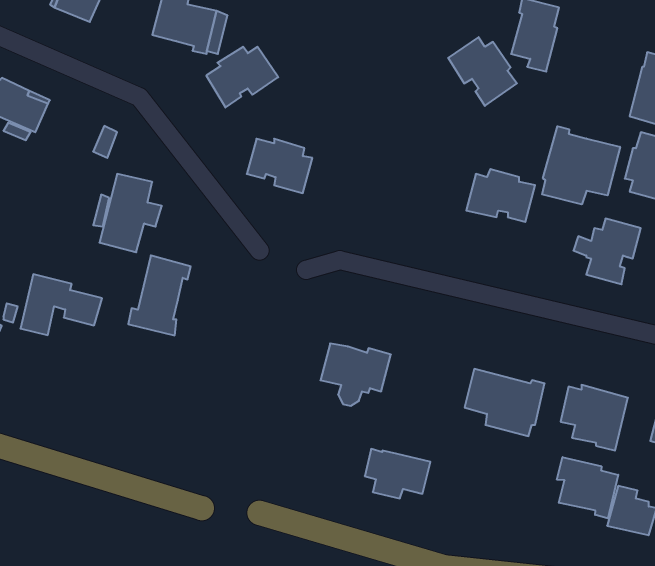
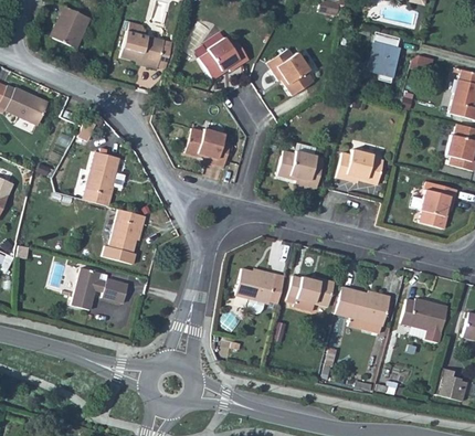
building: [448,37,517,106] -> [266,49,314,96]
building: [206,47,278,108] -> [199,38,249,79]
building: [542,126,620,204] -> none
building: none -> [276,142,323,188]
building: [20,274,102,335] -> [72,267,128,309]
building: [365,449,430,498] -> [288,276,334,310]
building: [557,457,618,518] -> none

